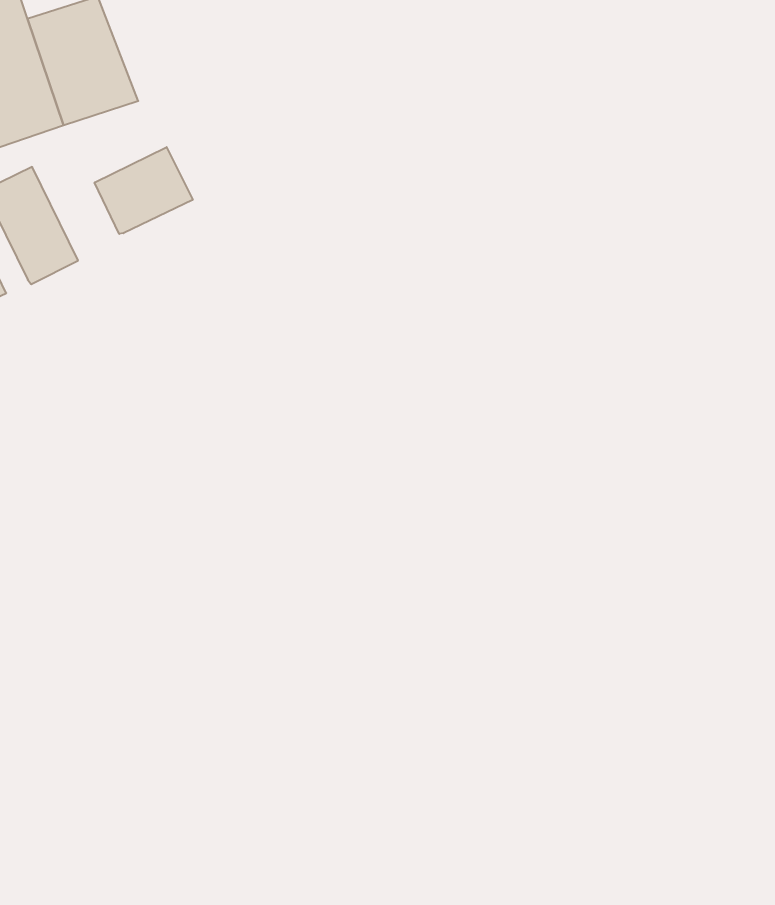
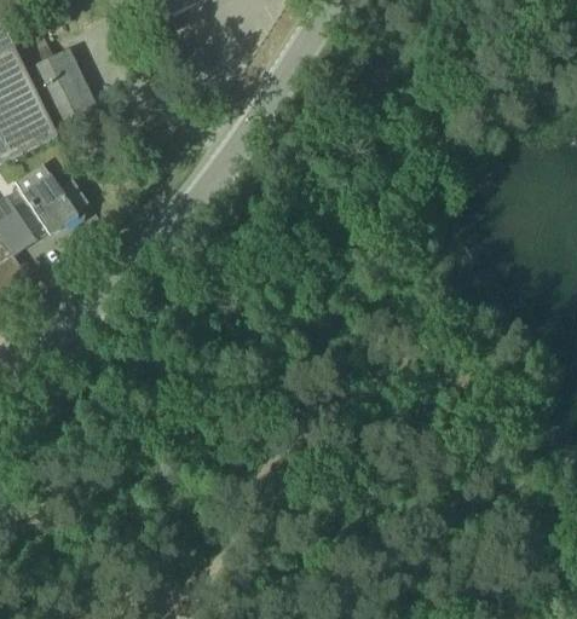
building: [95,147,193,234] -> none

